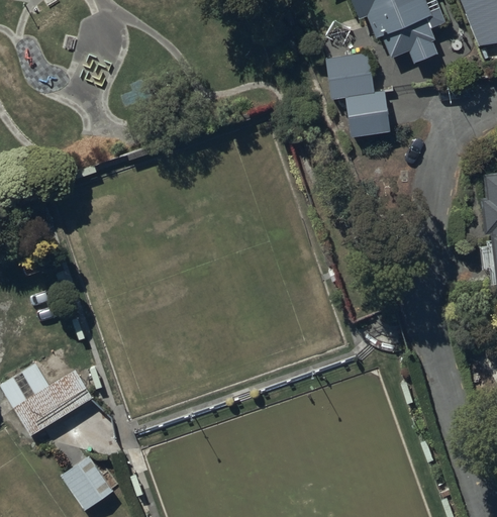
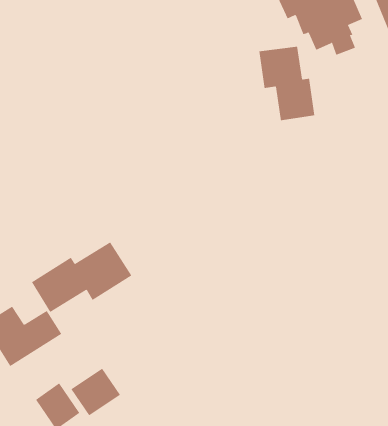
building: none -> [31,241,132,313]
building: none -> [71,368,121,416]

